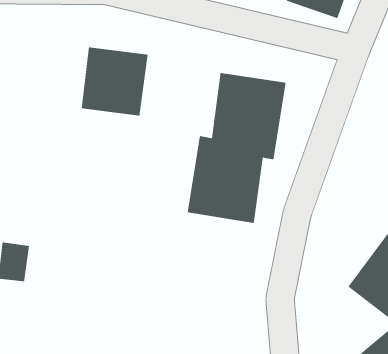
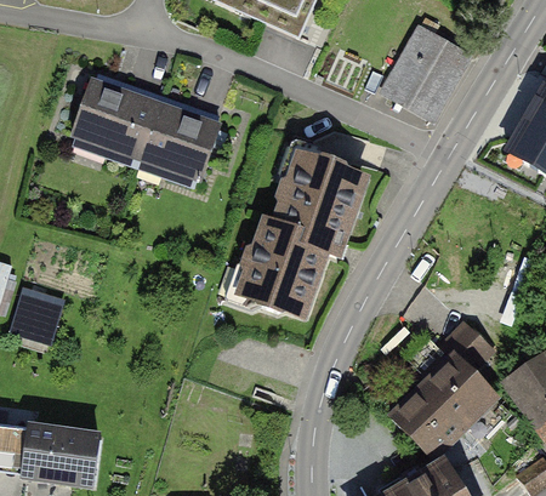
building: none -> [78,84,160,167]

